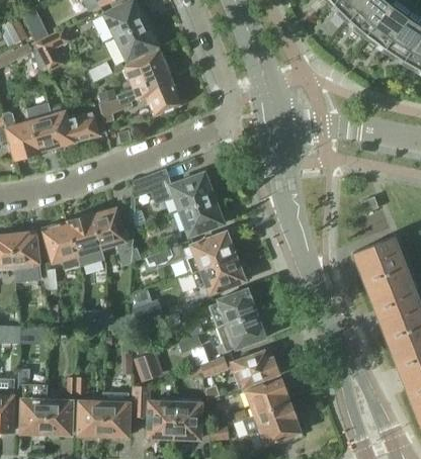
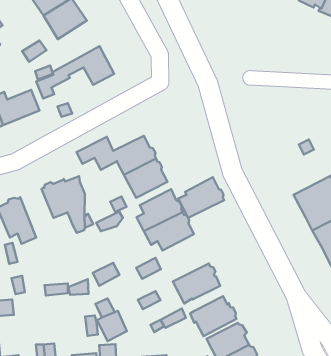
building: [124,49,168,88] -> none
building: [67,213,100,265] -> none
building: [208,287,256,327] -> [178,177,224,218]

